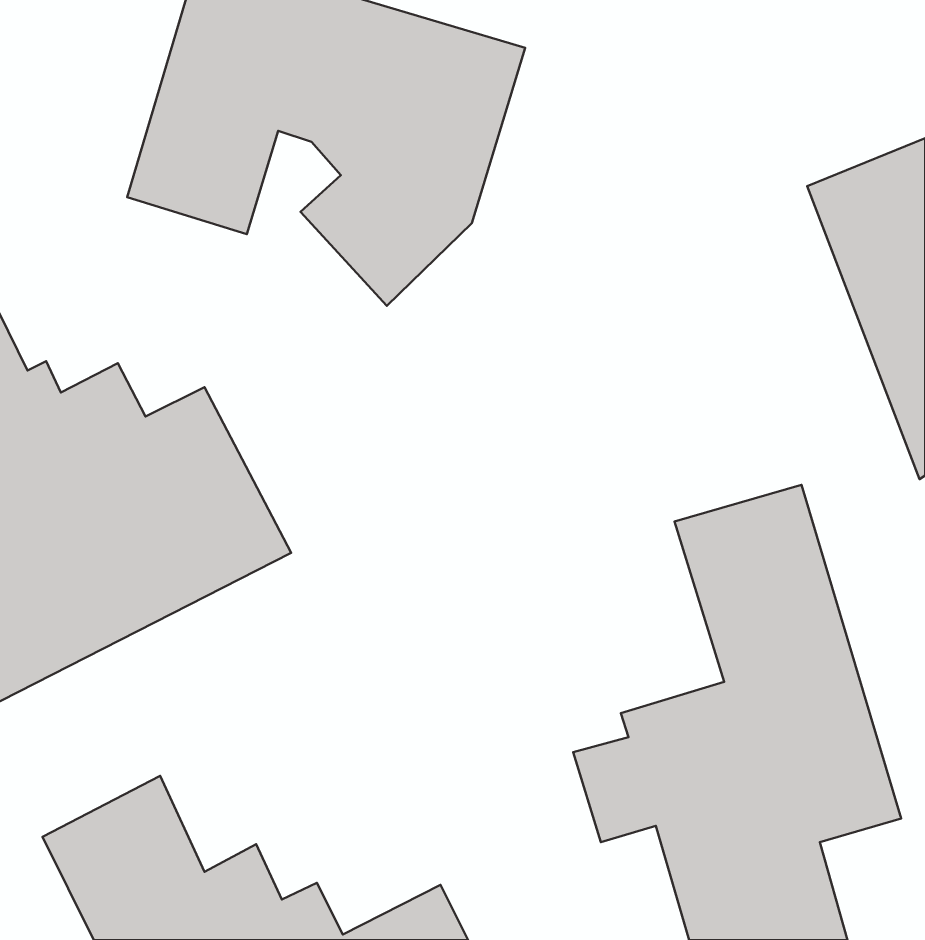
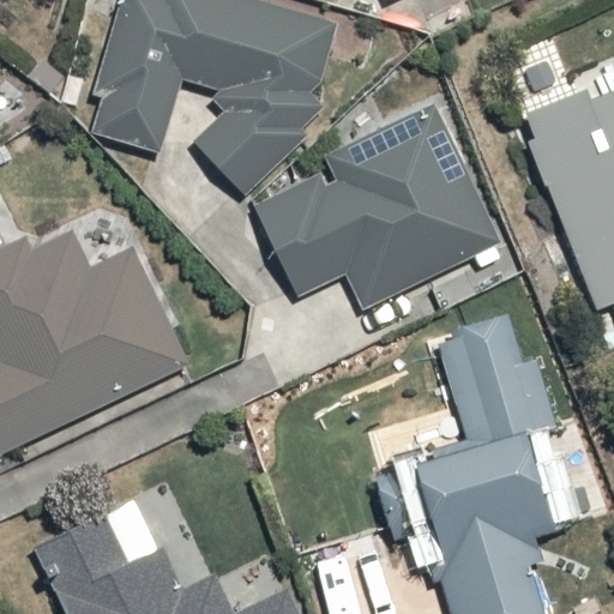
building: none -> [252,107,493,307]

